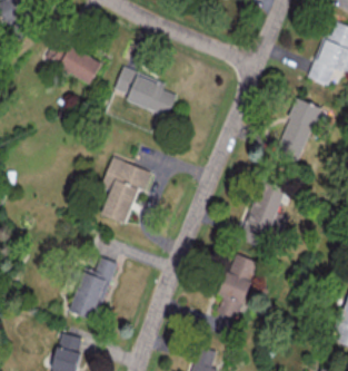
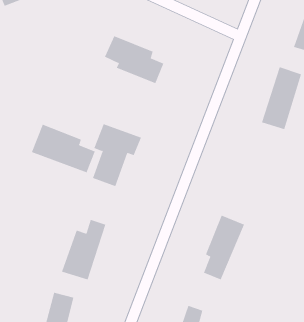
building: [44,39,101,84] -> none
building: none -> [31,124,96,173]
building: [239,184,288,250] -> none

